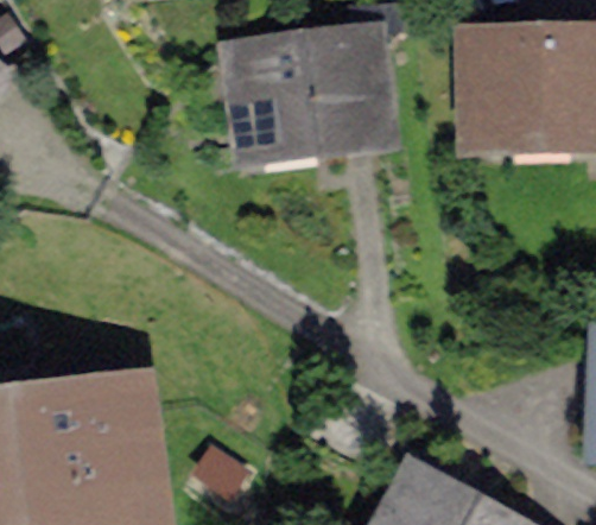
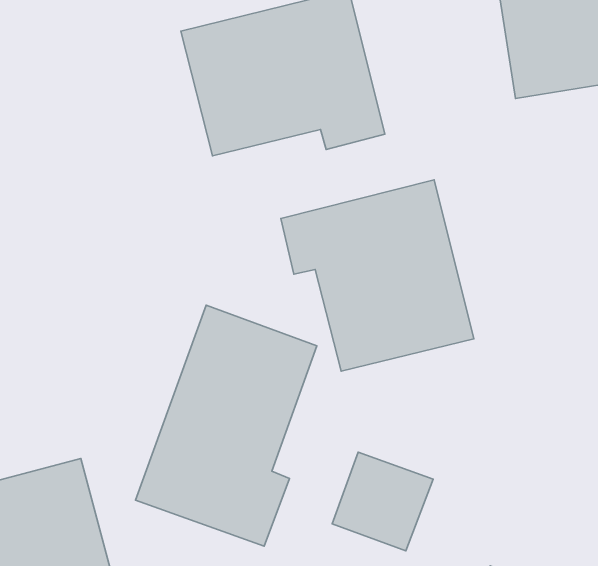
building: none -> [281,180,474,371]
building: none -> [136,305,317,546]

